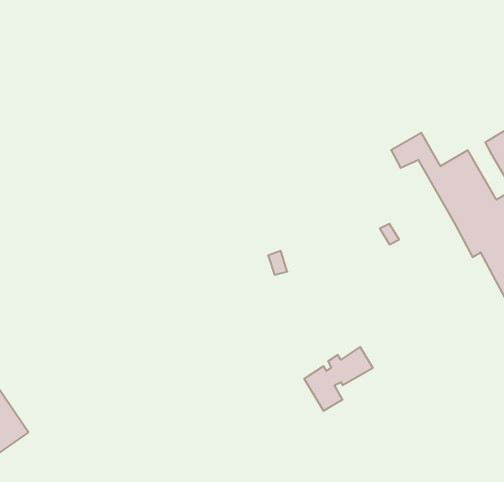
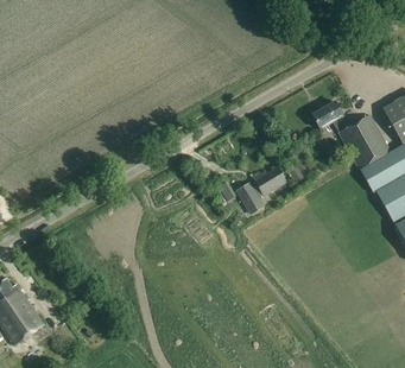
building: [304,347,373,411] -> [238,166,289,214]

